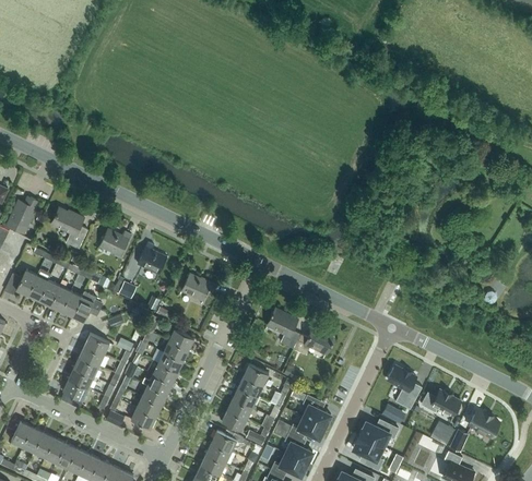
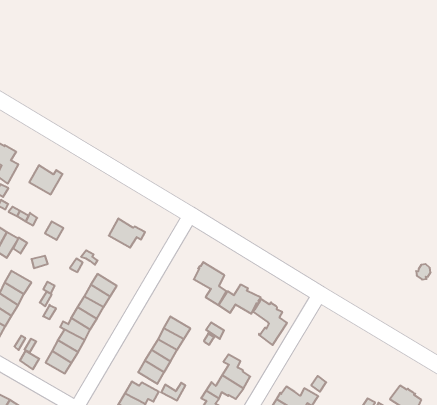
building: [138,242,167,274] -> none
building: [388,365,422,409] -> [253,299,287,345]
building: [422,389,461,414] -> none

